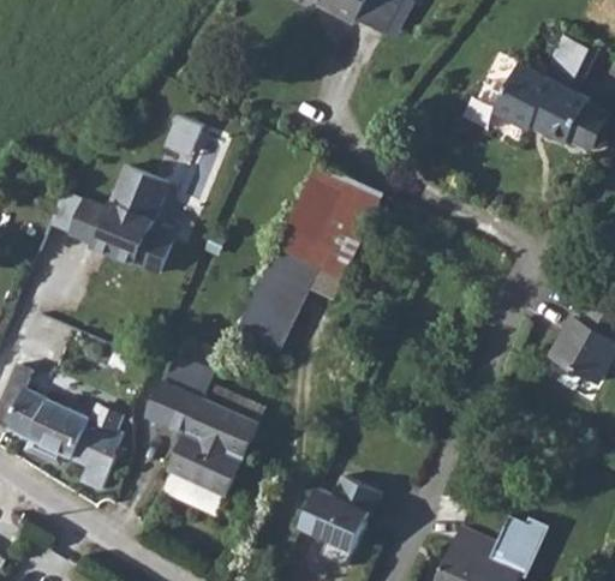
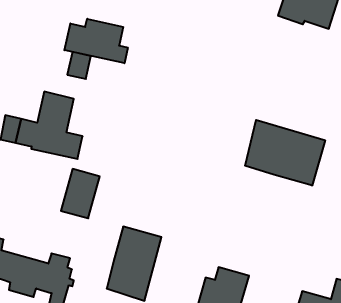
building: none -> [64,19,128,63]
building: [238,162,382,352] -> none
building: none -> [245,120,325,186]
building: [148,358,214,435] -> [61,169,100,218]

